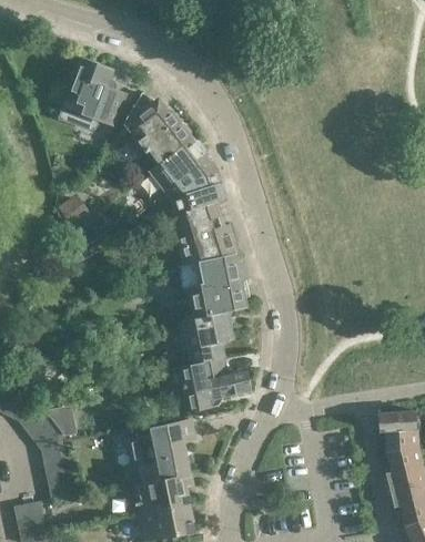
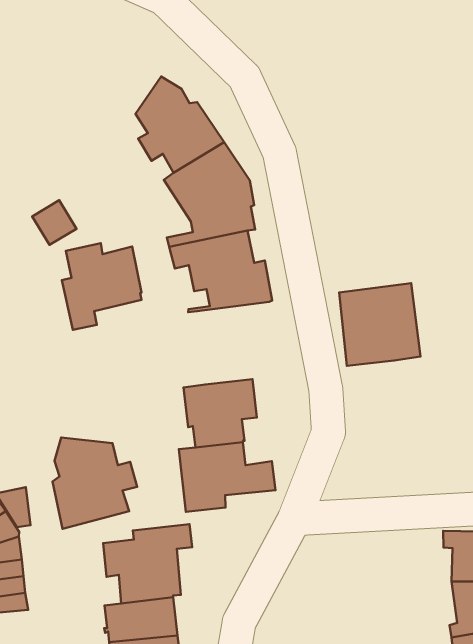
building: [59,59,127,131] -> none
building: none -> [62,243,142,330]
building: [184,255,247,319] -> [339,283,420,366]
building: none -> [52,437,137,529]

